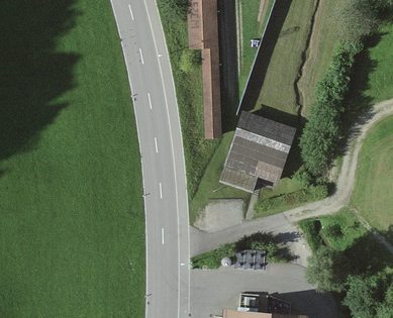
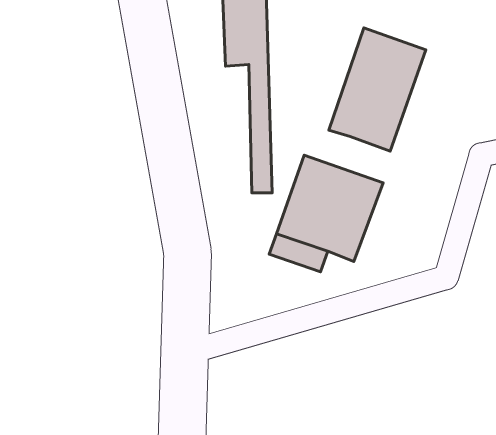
building: none -> [329,28,426,151]

